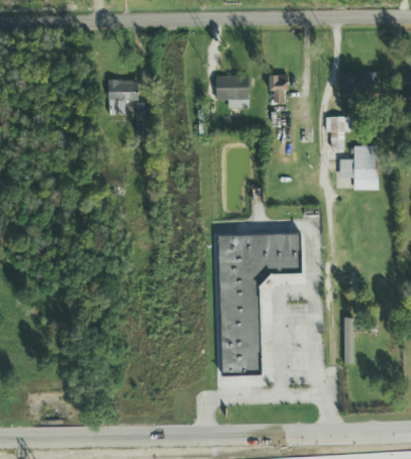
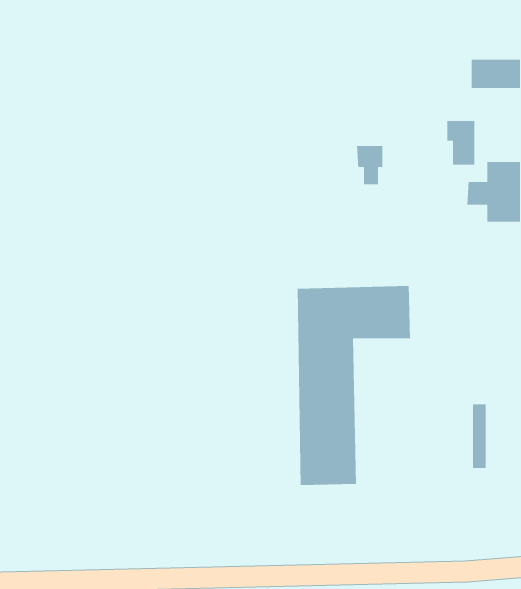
building: [268,75,287,103] -> [356,145,383,185]
building: [215,76,248,106] -> none
building: [108,80,137,100] -> none

